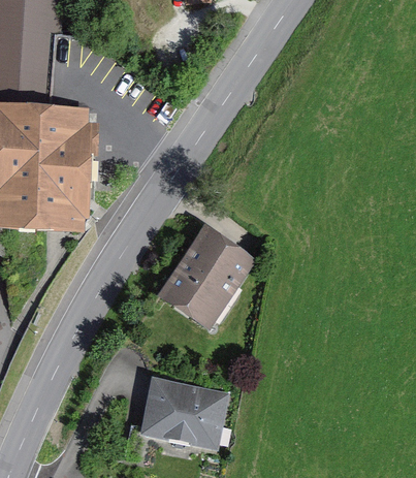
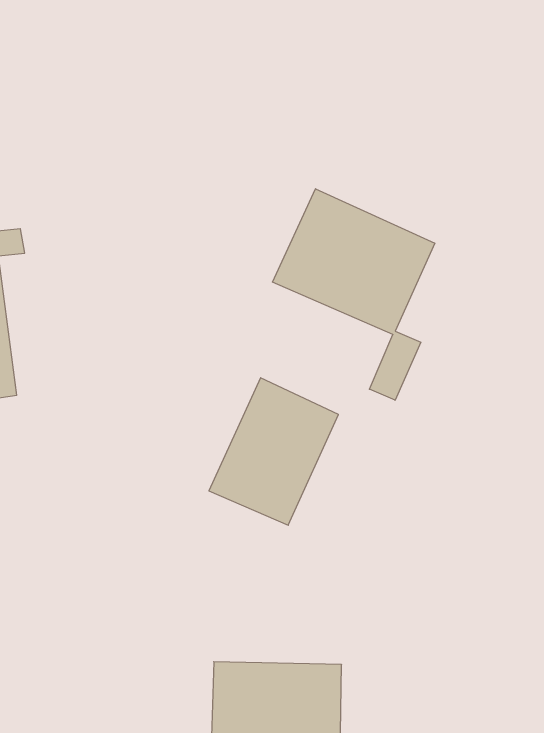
building: none -> [272,189,435,400]

